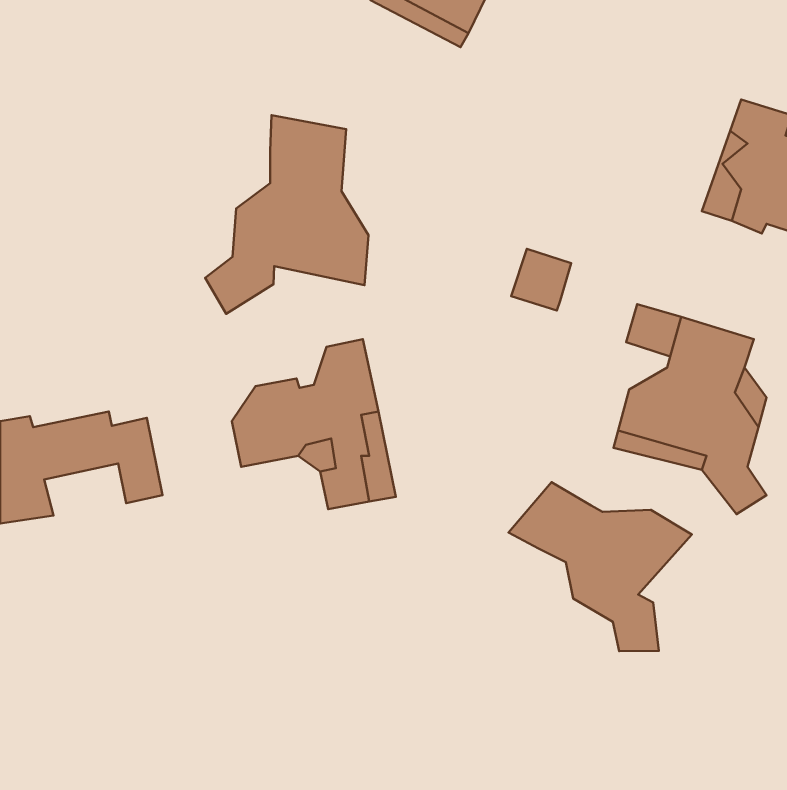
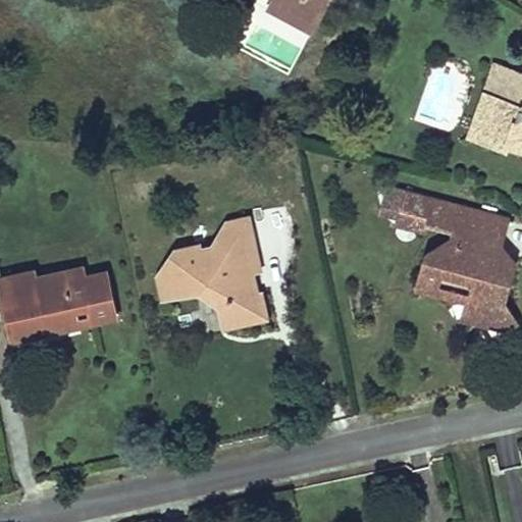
building: [205,115,369,314] -> none
building: [511,249,571,310] -> [385,188,424,227]
building: none -> [41,300,94,333]
building: [508,482,692,651] -> none

